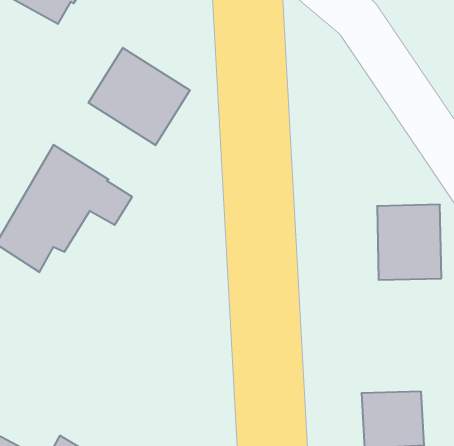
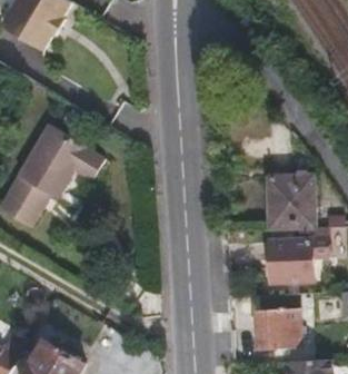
building: [88,48,190,145] -> none
building: none -> [269,239,312,284]

